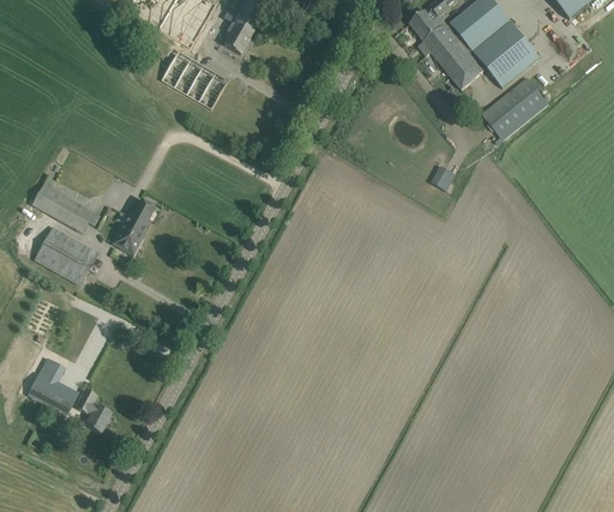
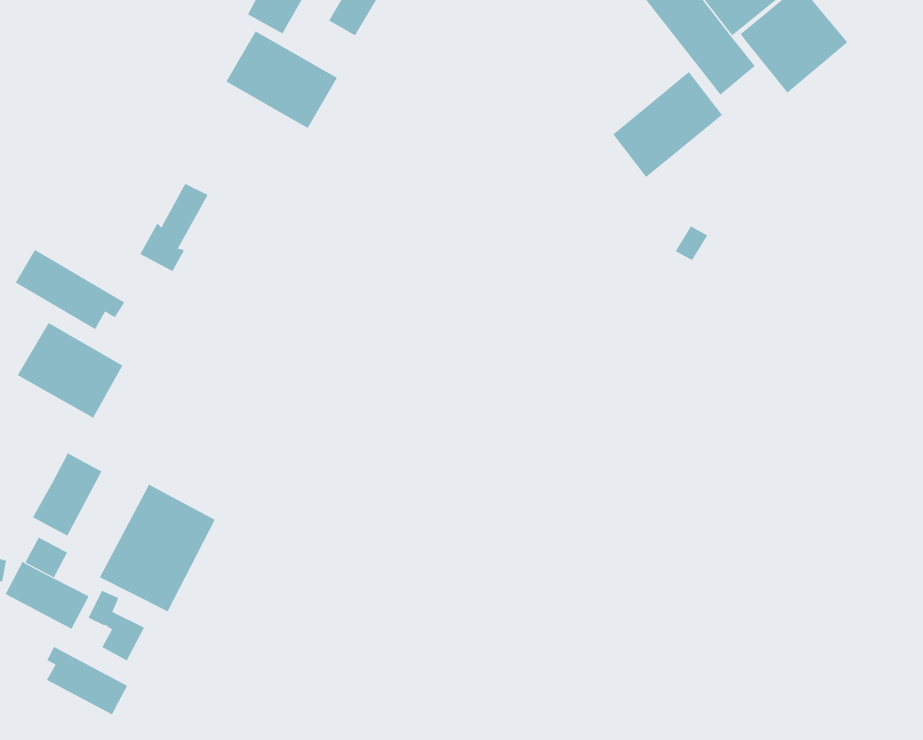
building: [480,73,547,138] -> [612,71,723,178]
building: [112,198,154,252] -> [139,183,208,272]
building: none -> [32,452,102,536]
building: none -> [99,484,216,612]
building: none -> [46,646,128,715]

